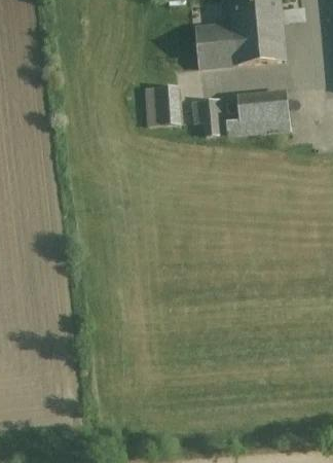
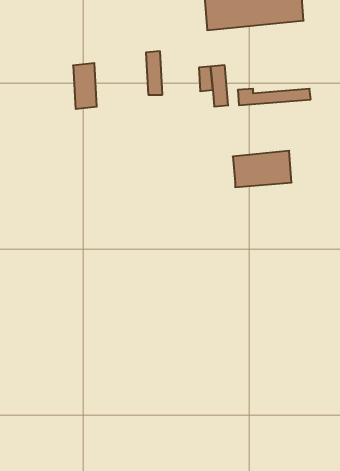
building: [158,84,179,124] -> [73,63,97,109]
building: [237,92,289,123] -> [233,151,292,187]

